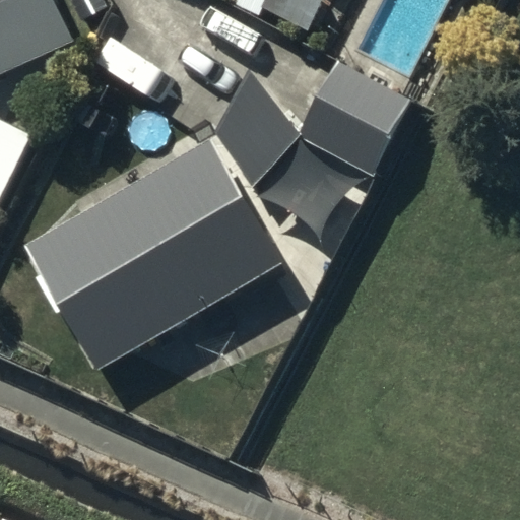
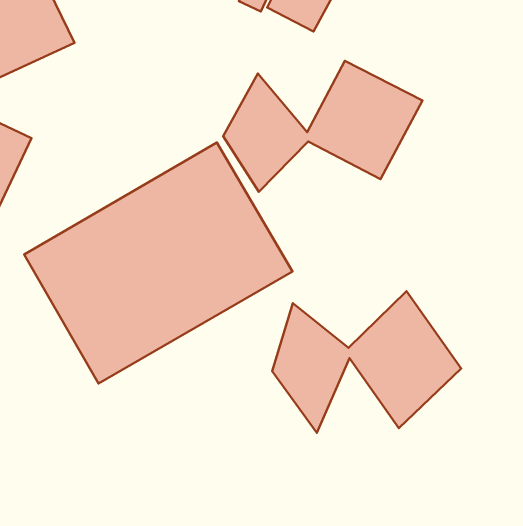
building: none -> [272,291,461,433]

